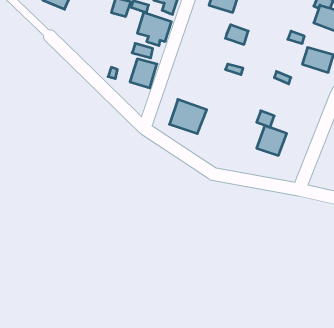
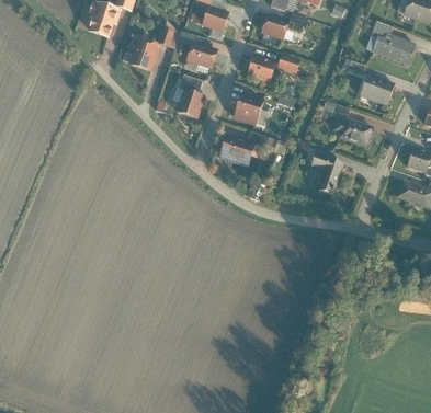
building: none -> [121,37,160,72]
building: none -> [246,55,279,88]
building: none -> [234,93,264,126]
building: none -> [338,123,370,147]

